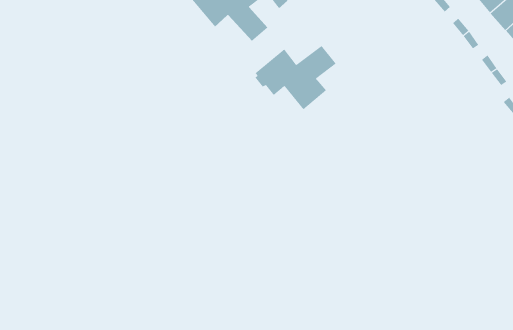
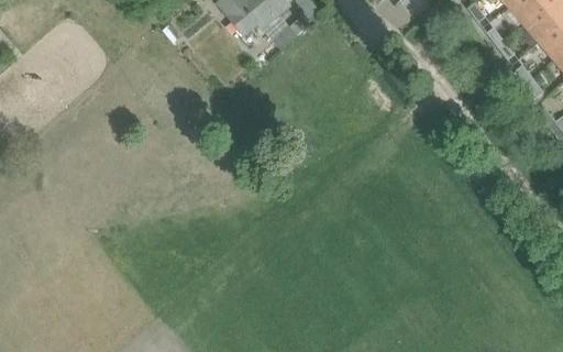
building: [255,45,337,110] -> none

